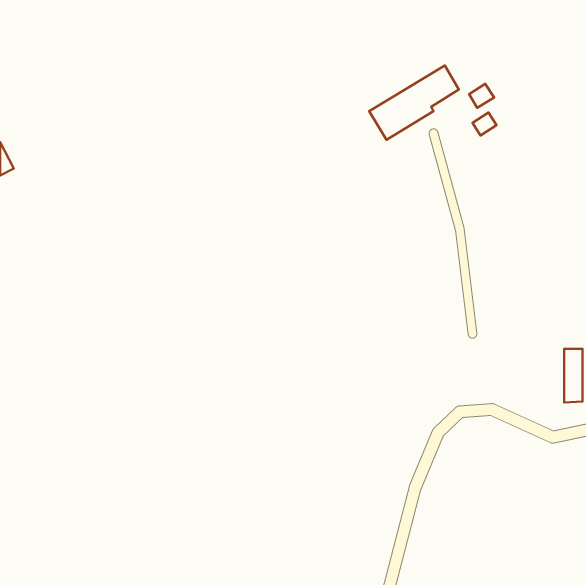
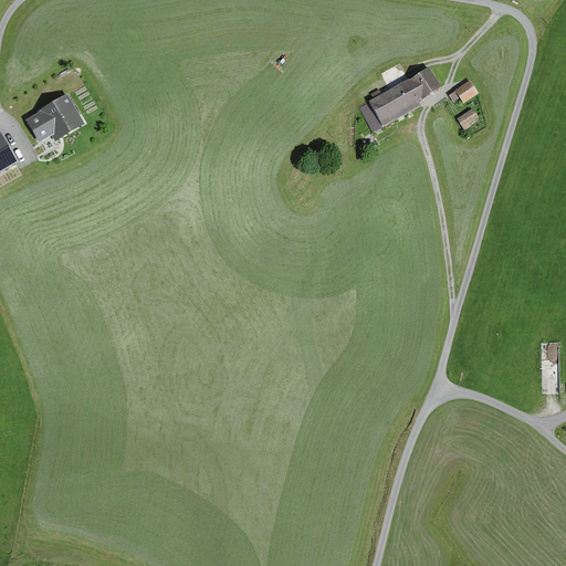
building: none -> [21,92,86,142]

